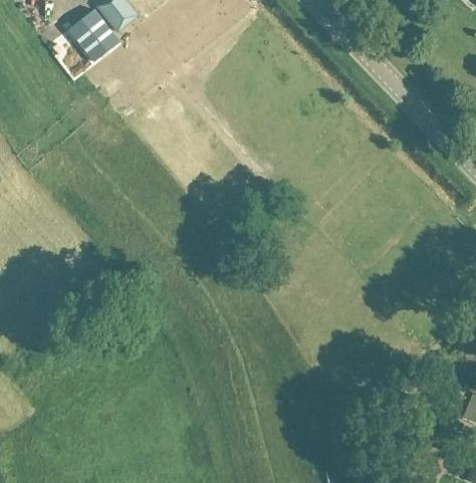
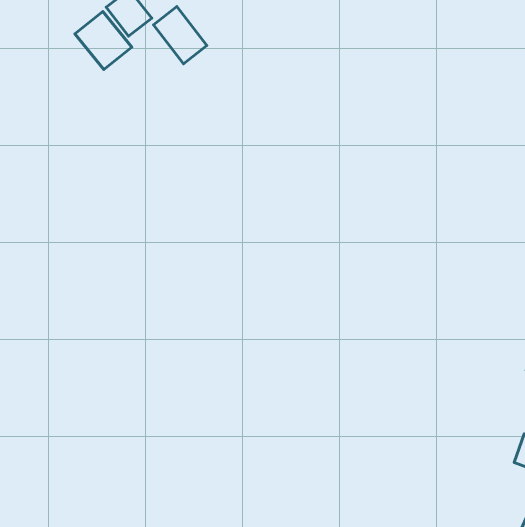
building: none -> [153,6,207,64]

